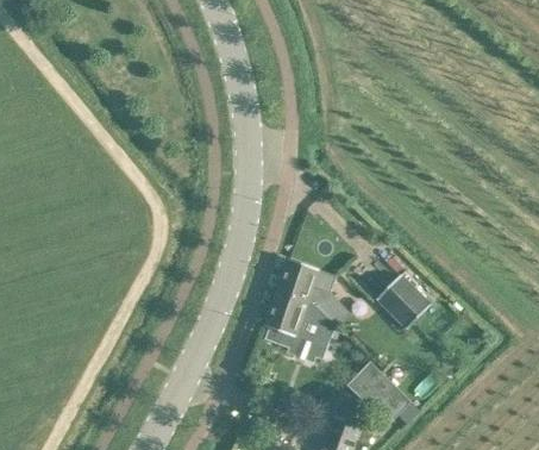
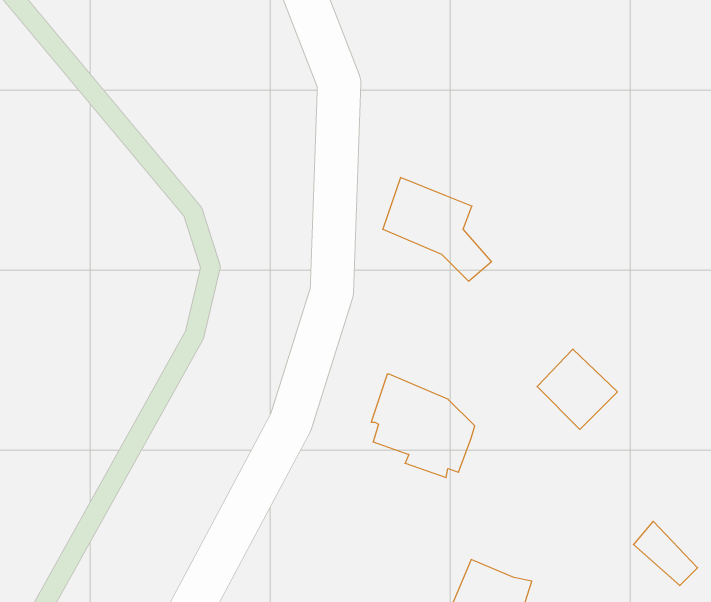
building: [277,258,350,327] -> [383,178,492,281]
building: [366,371,409,414] -> [633,521,698,586]

